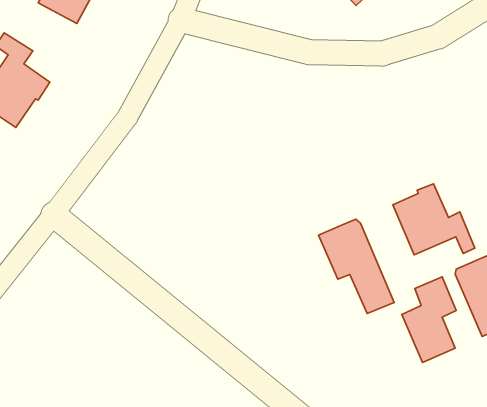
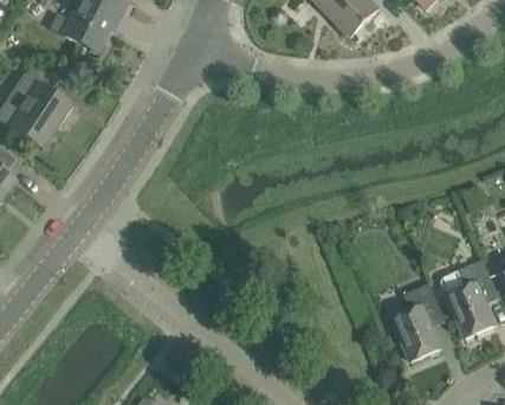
building: [393,184,475,255] -> none
building: [318,219,394,314] -> none

